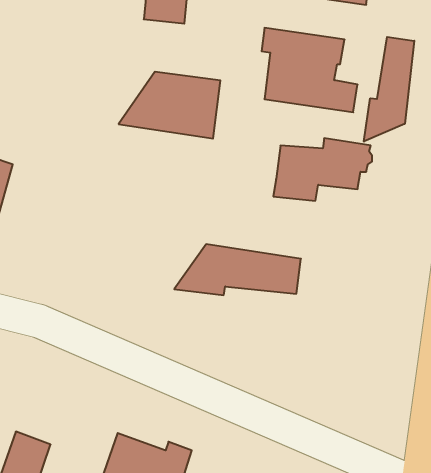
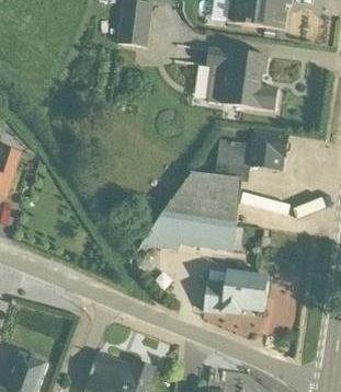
building: [364,37,414,142] -> none
building: [119,72,220,139] -> [164,171,241,221]
building: none -> [203,268,269,313]

